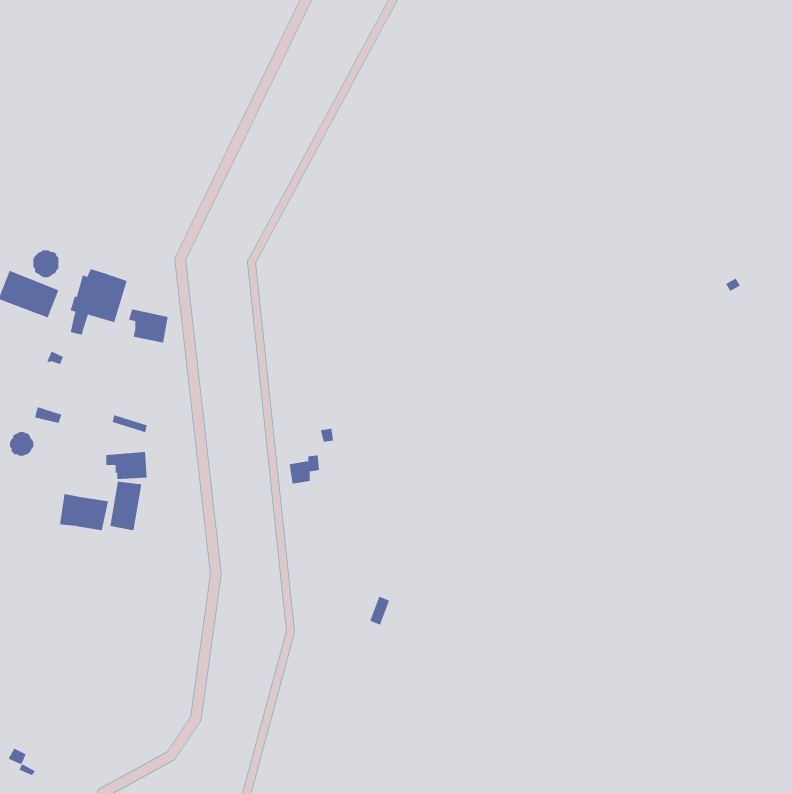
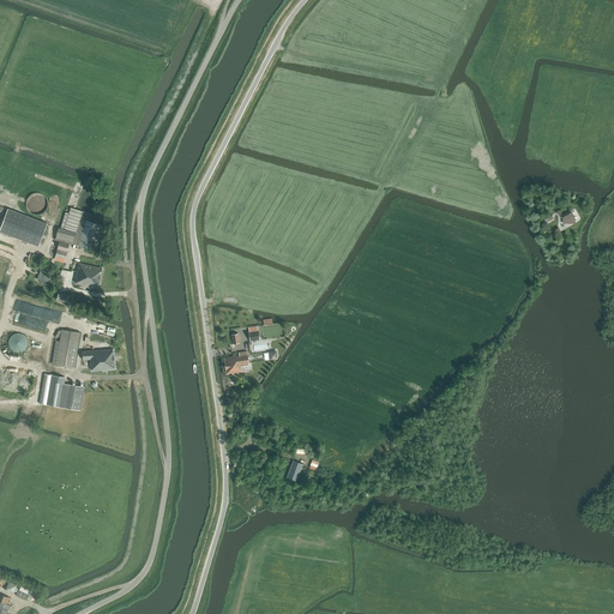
building: [128,309,169,343] -> [70,263,101,289]
building: [109,481,142,531] -> [54,330,79,368]

